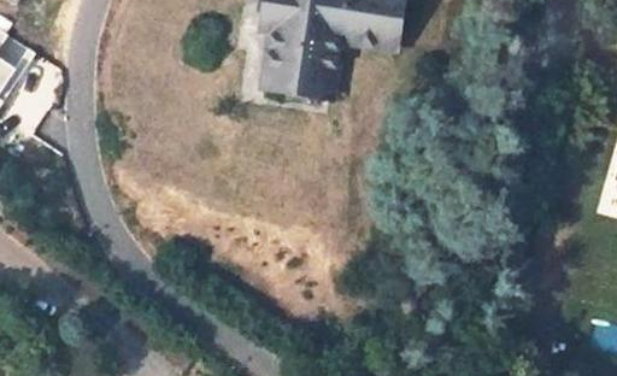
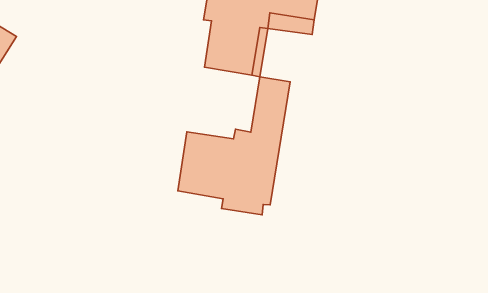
building: none -> [178,77,290,215]

